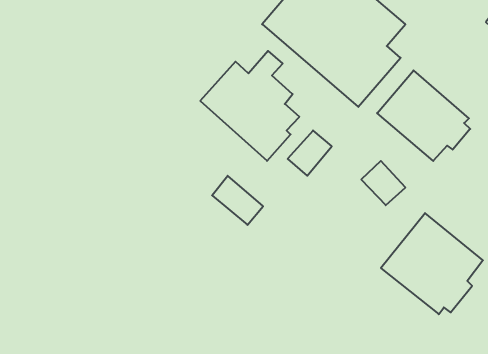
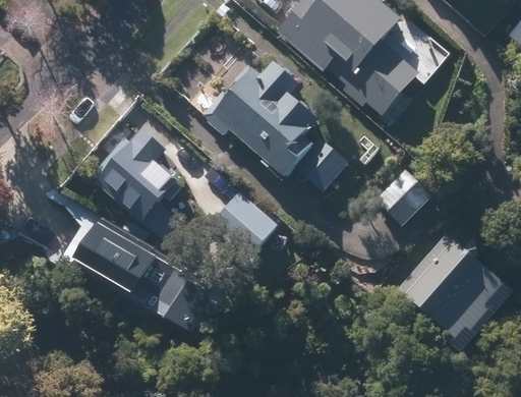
building: [377,70,470,161] -> none
building: none -> [89,129,178,223]
building: none -> [73,223,213,330]

